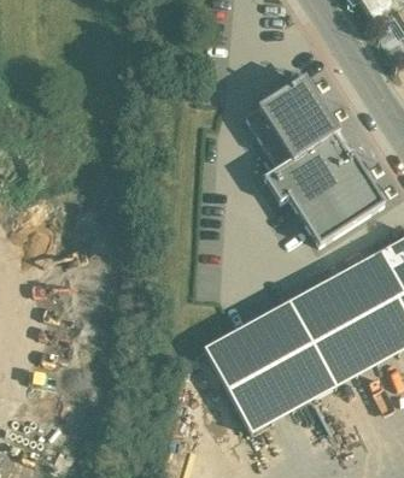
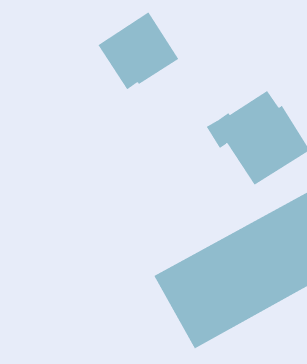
building: [245,77,339,167] -> [98,12,179,90]

